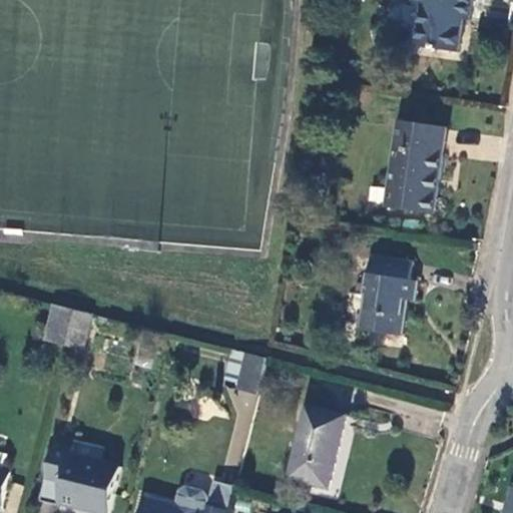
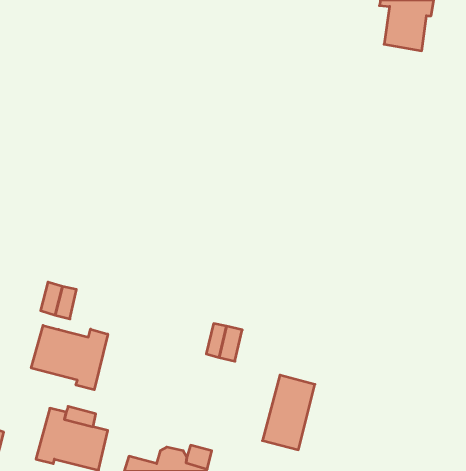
building: [386,122,445,212] -> none
building: [358,256,417,339] -> none
building: none -> [31,325,108,390]

